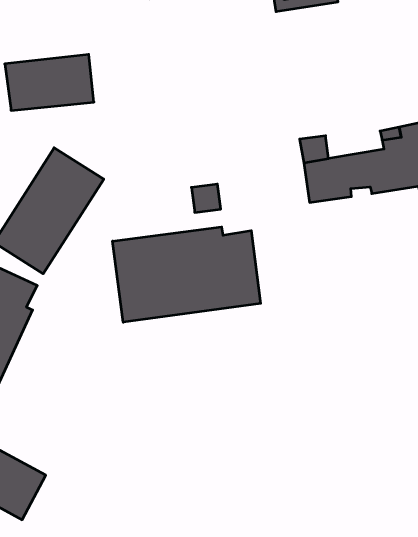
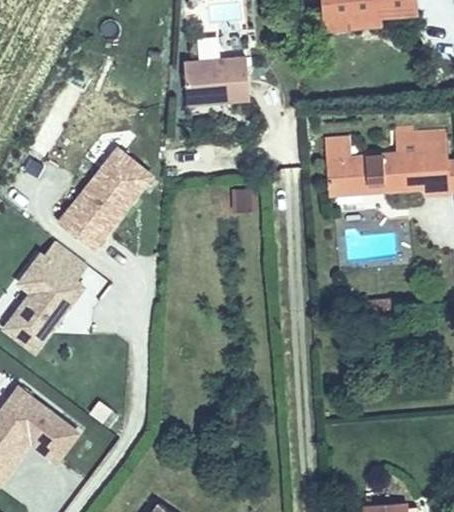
building: [5,54,94,110] -> [170,64,245,107]
building: [113,227,261,322] -> none

